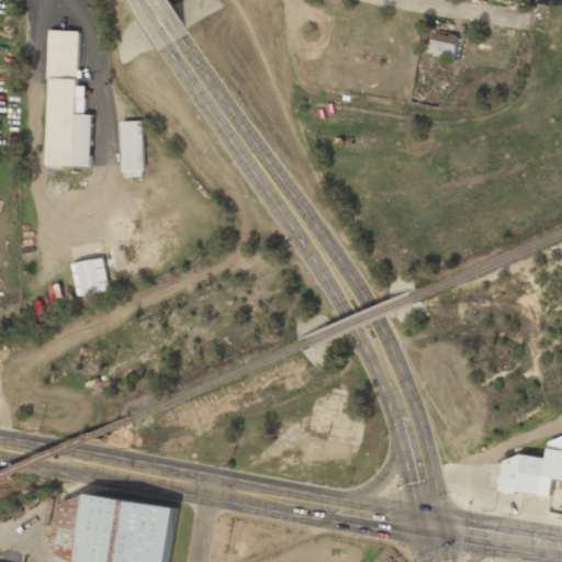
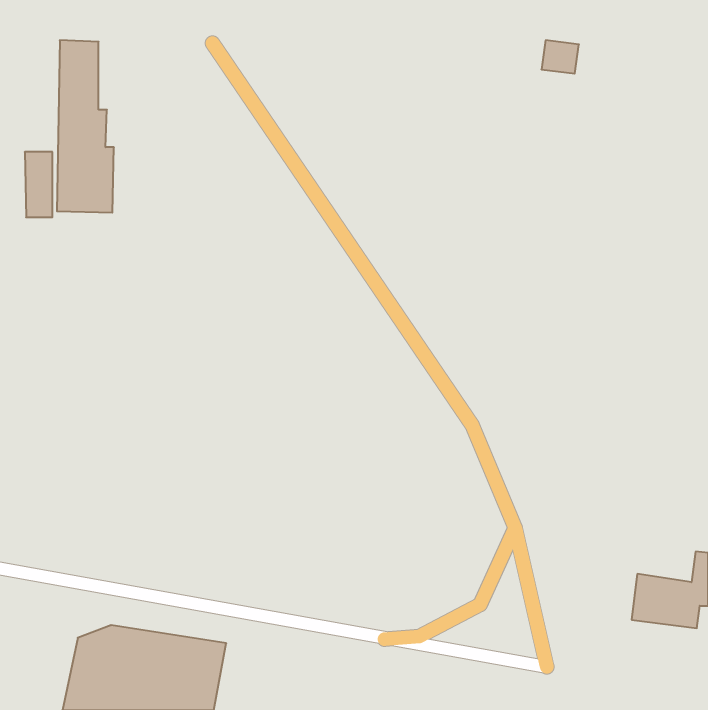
building: [121,123,143,175] -> [25,152,52,217]
building: [71,258,110,296] -> none

